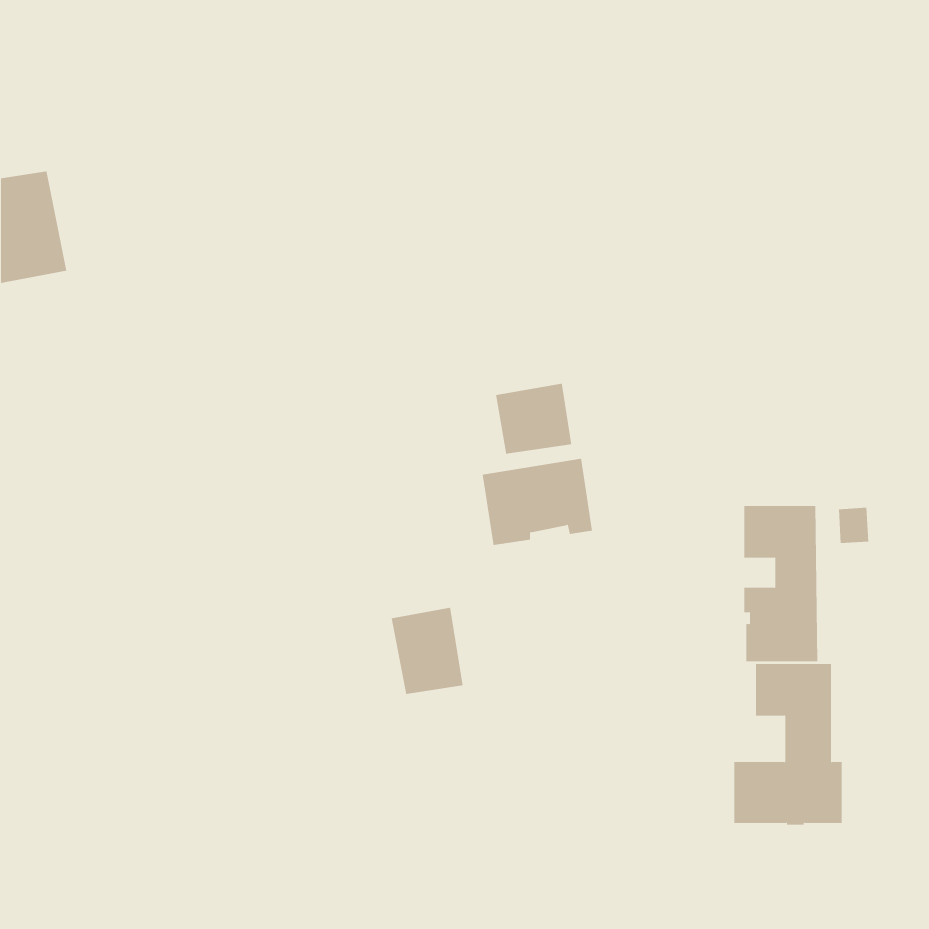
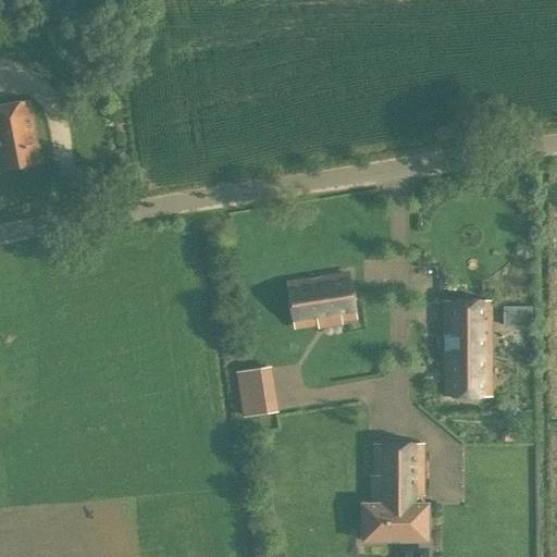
building: [495,383,572,454] -> none
building: [733,663,843,825] -> [362,445,428,542]

